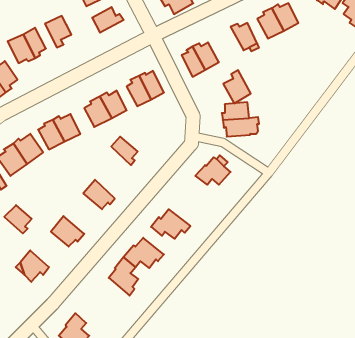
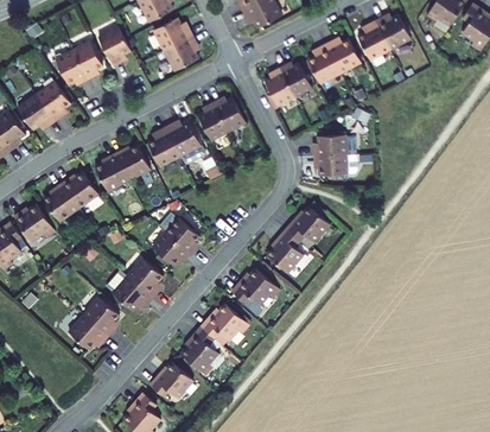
building: none -> [168,36,203,70]
building: [223,70,251,103] -> [308,44,342,84]
building: [111,137,138,165] -> [163,217,195,252]
building: none -> [266,224,301,267]
building: none -> [125,259,159,294]
building: [4,205,32,233] -> [84,300,117,335]
building: none -> [147,360,189,395]

